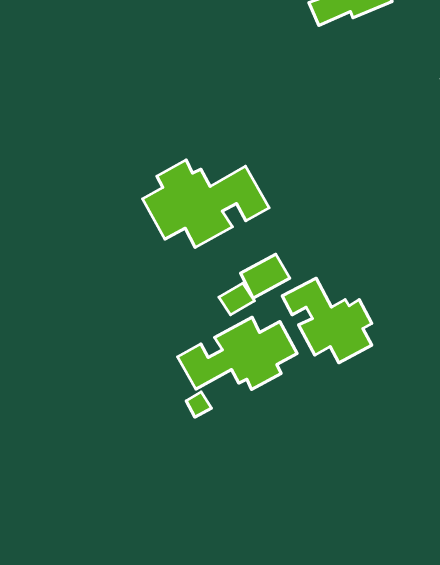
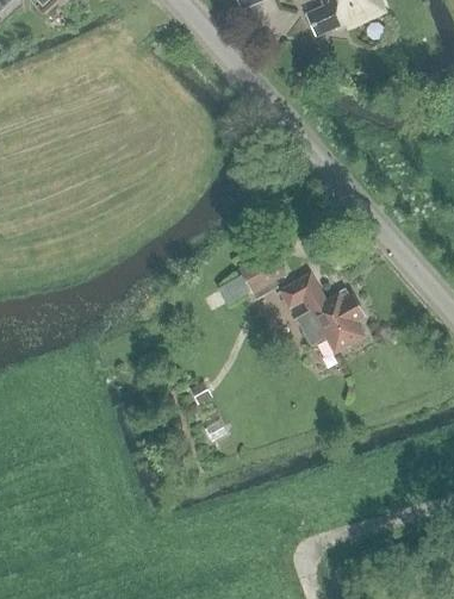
building: [143,160,269,248] -> none
building: [178,317,297,390] -> none

